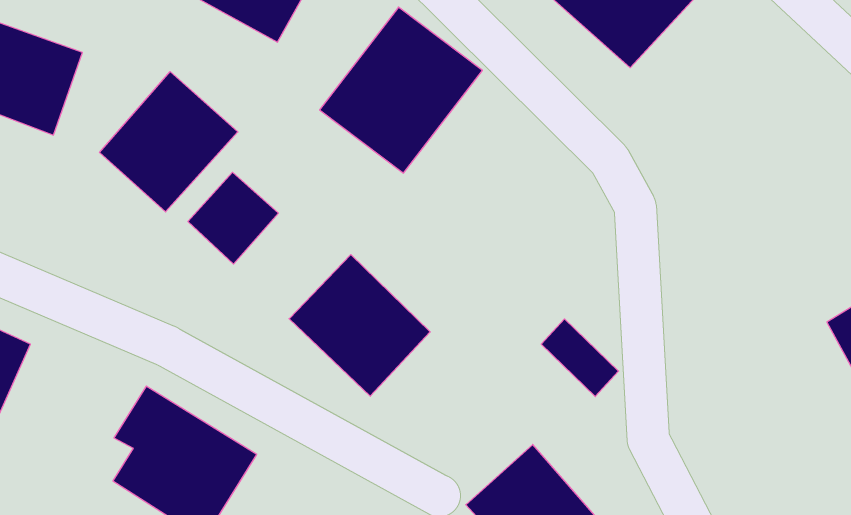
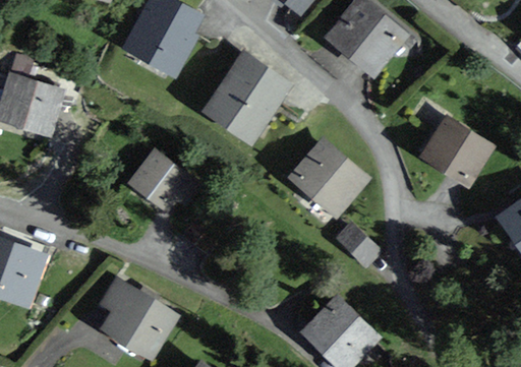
building: [100,72,238,212] -> none
building: none -> [421,115,495,184]
building: [289,255,430,396] -> [289,137,369,217]

